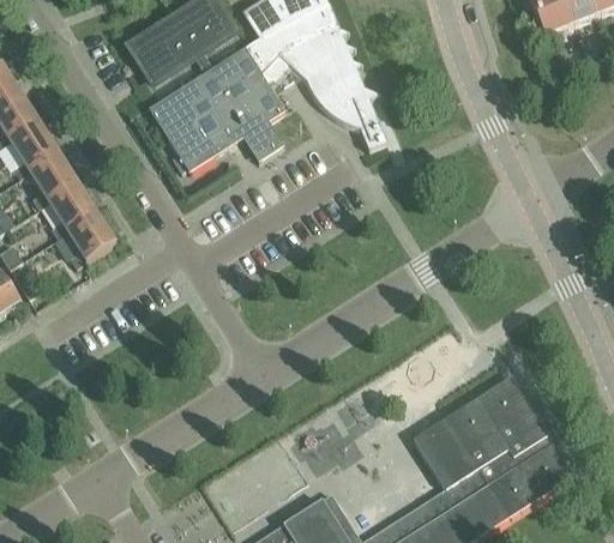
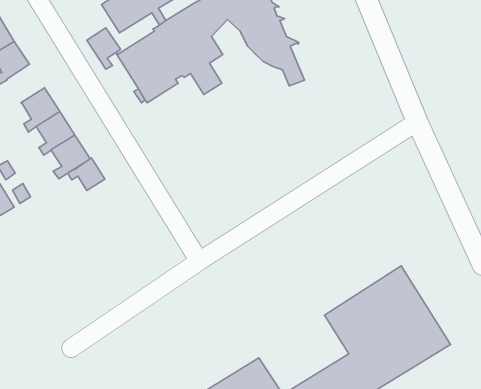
building: none -> [87,28,121,69]
building: [11,121,59,177] -> none
building: none -> [68,158,105,191]

